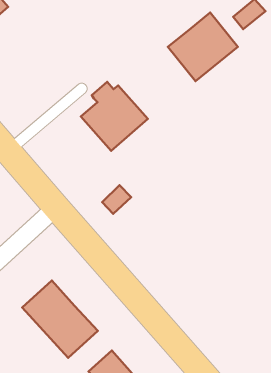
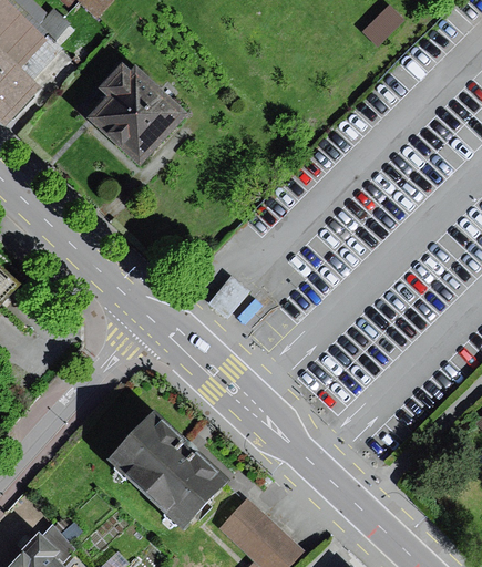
building: [168,13,238,81] -> none
building: [81,82,148,151] -> [93,66,185,159]

